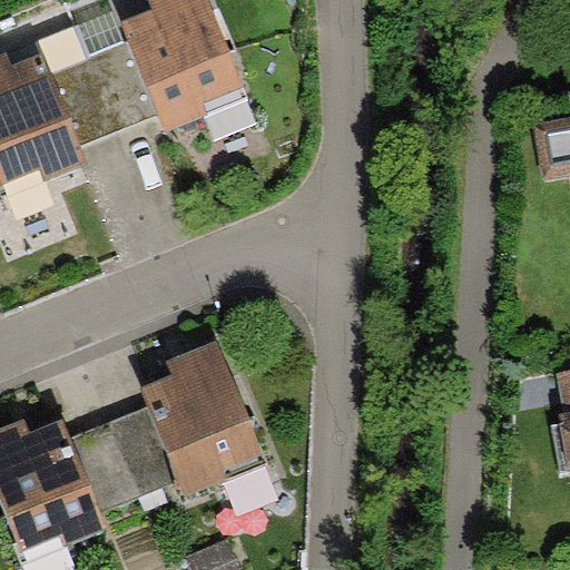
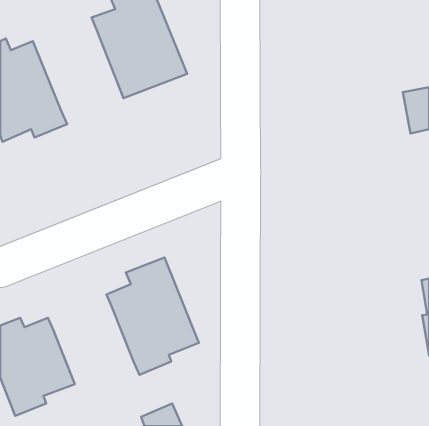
building: [43,39,157,145] -> none
building: [70,406,177,510] -> none

